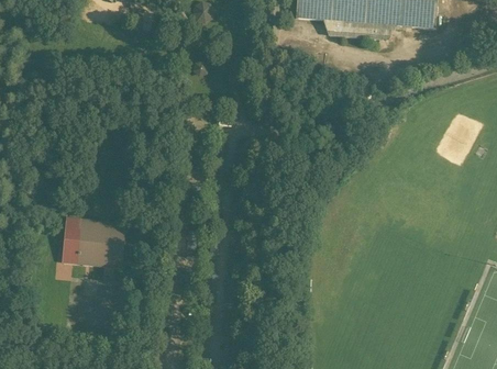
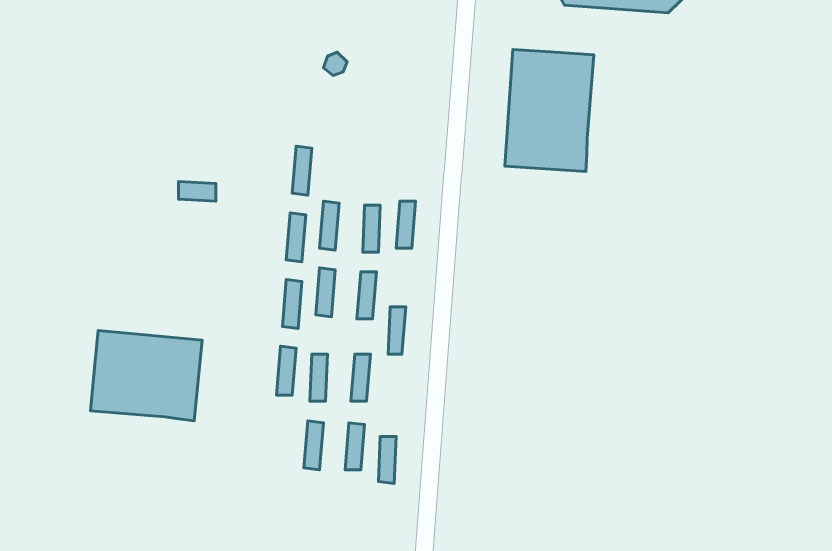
building: none -> [505,50,594,171]

